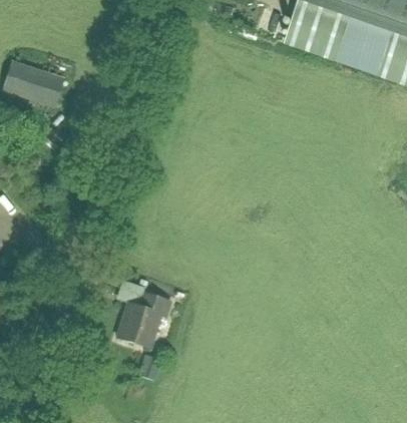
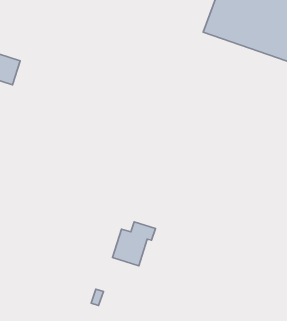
building: [116,293,168,346] -> [113,222,155,266]

